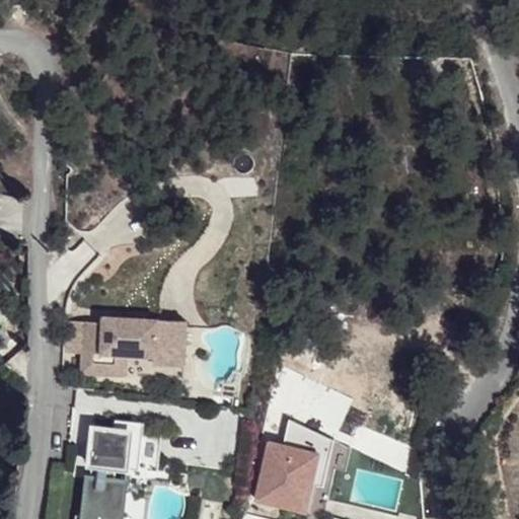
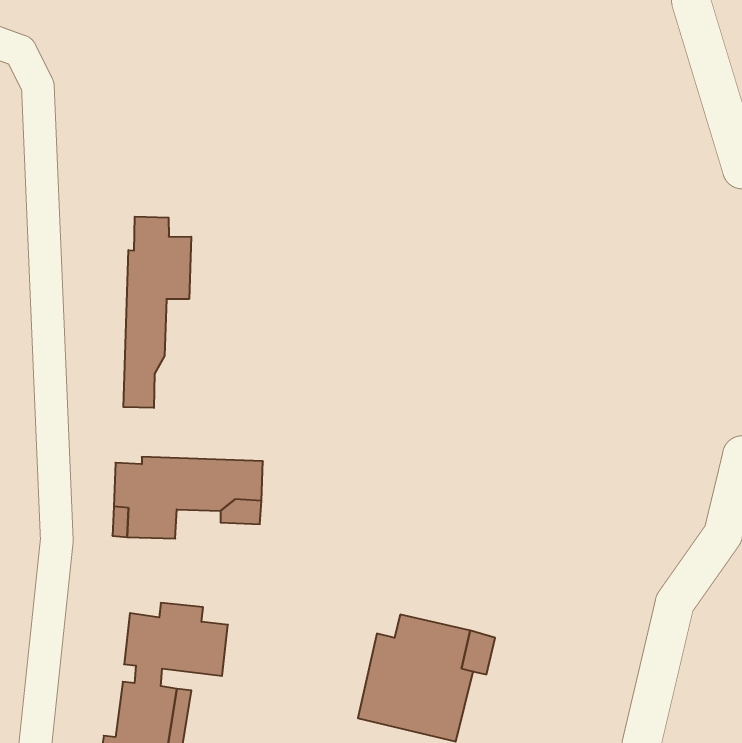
building: none -> [123,217,191,408]

